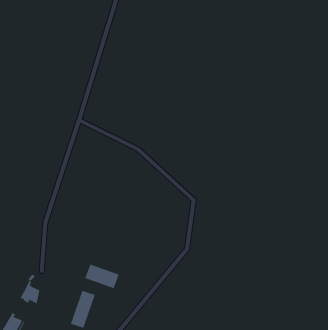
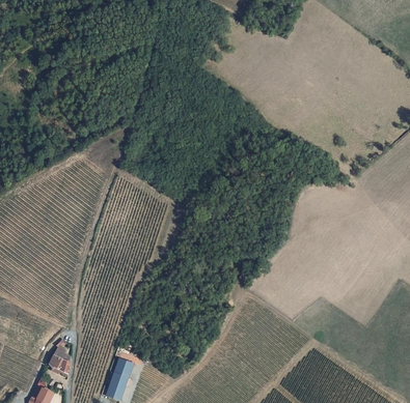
building: [84,264,120,289] -> none

